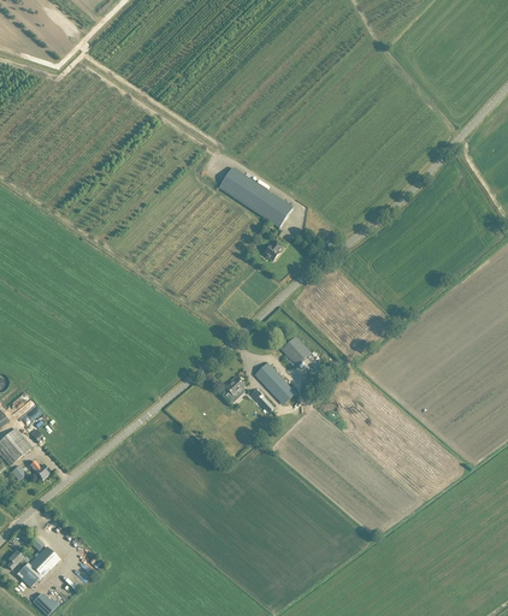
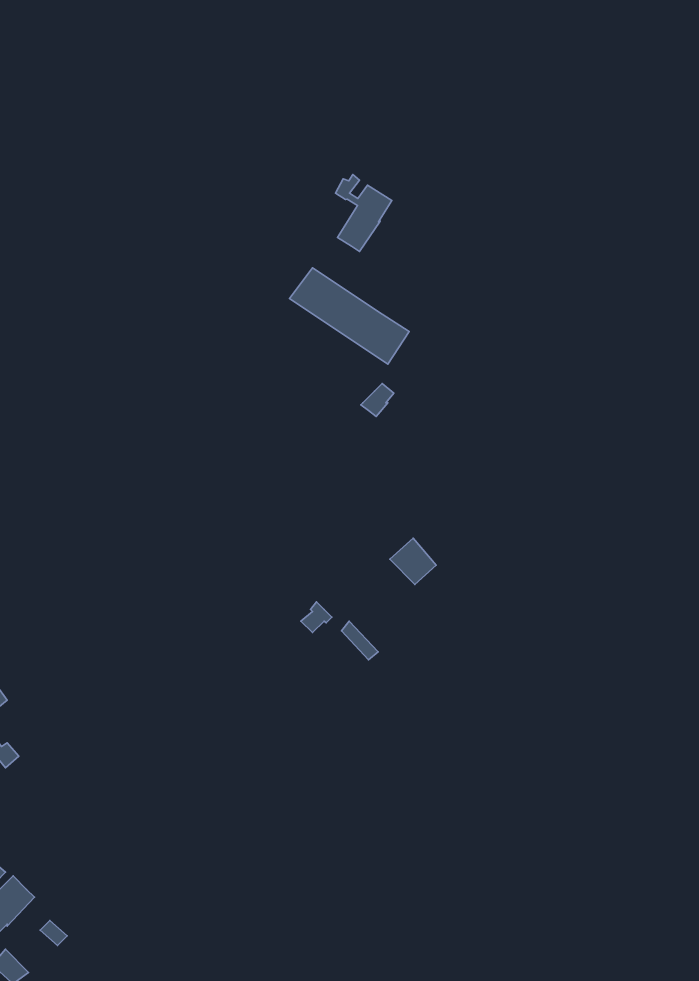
building: none -> [335,175,392,251]
building: [254,362,295,398] -> none

